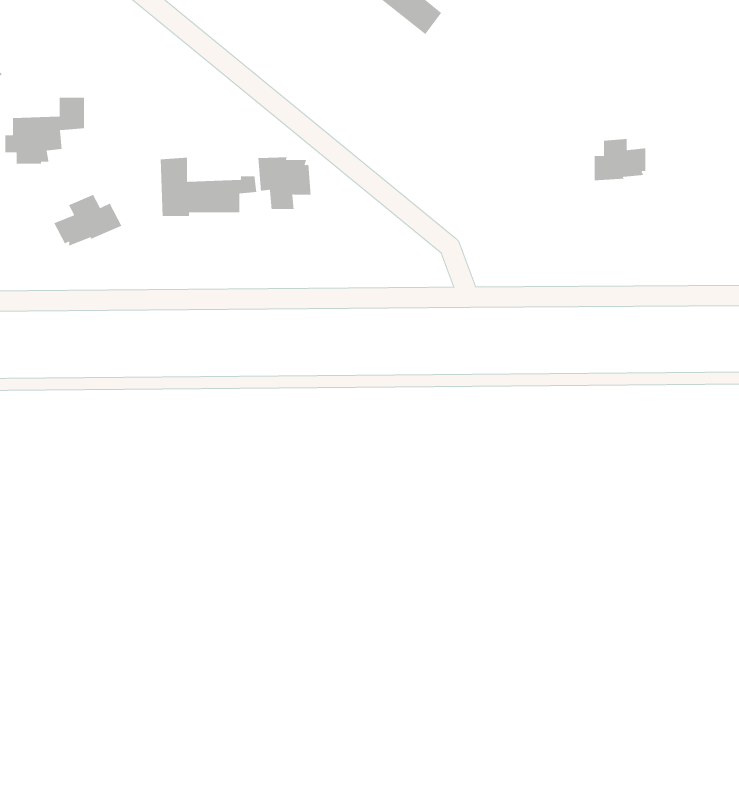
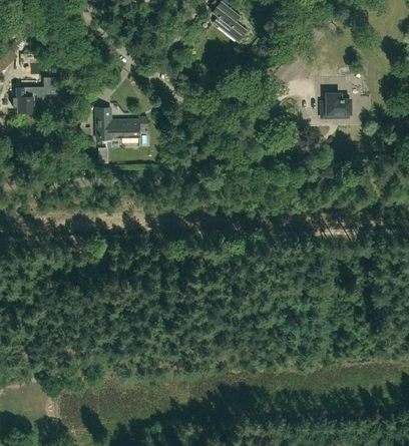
building: [258,157,312,210] -> none
building: [53,194,122,247] -> none

